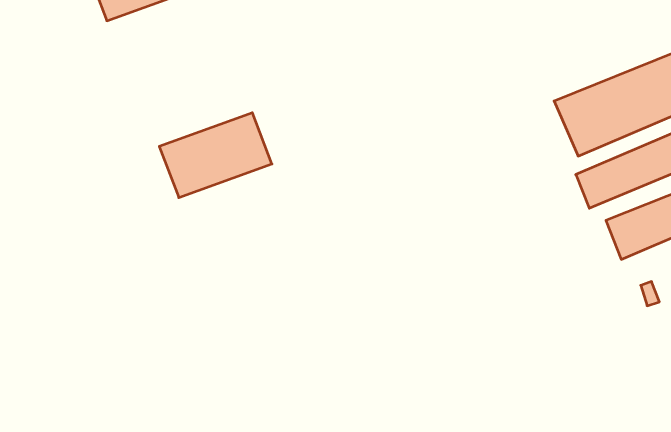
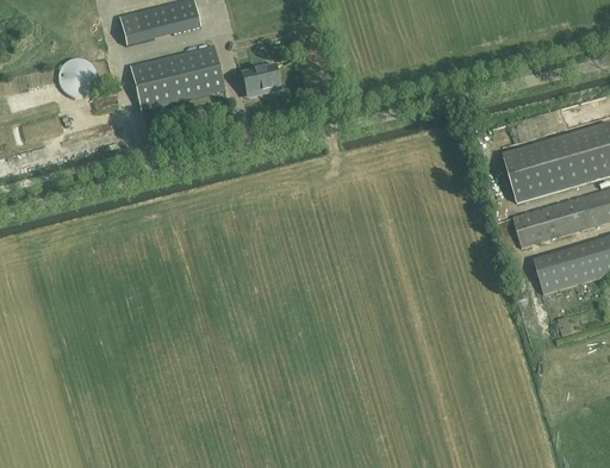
building: none -> [242,64,280,93]
building: none -> [57,57,97,95]
building: [159,113,272,198] -> [131,44,225,110]

